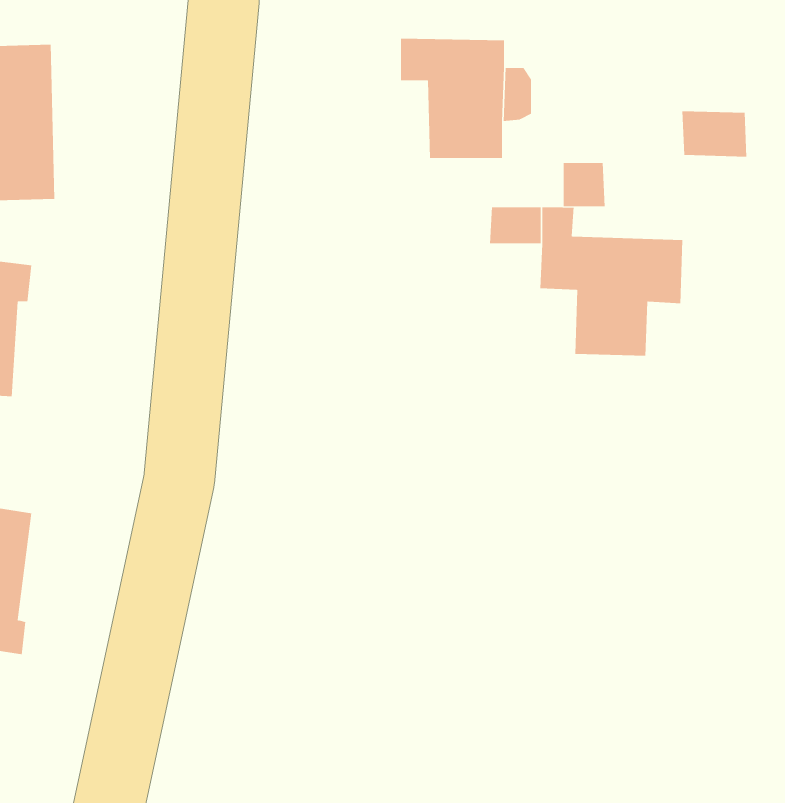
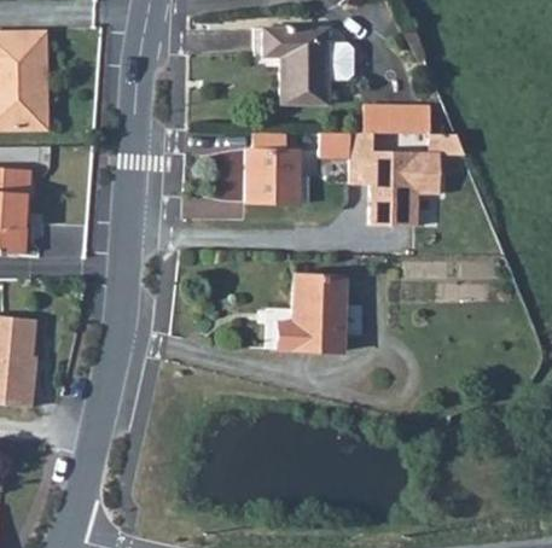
building: [681,111,747,157] -> [390,105,431,134]
building: none -> [248,132,300,203]
building: none -> [275,276,343,351]

